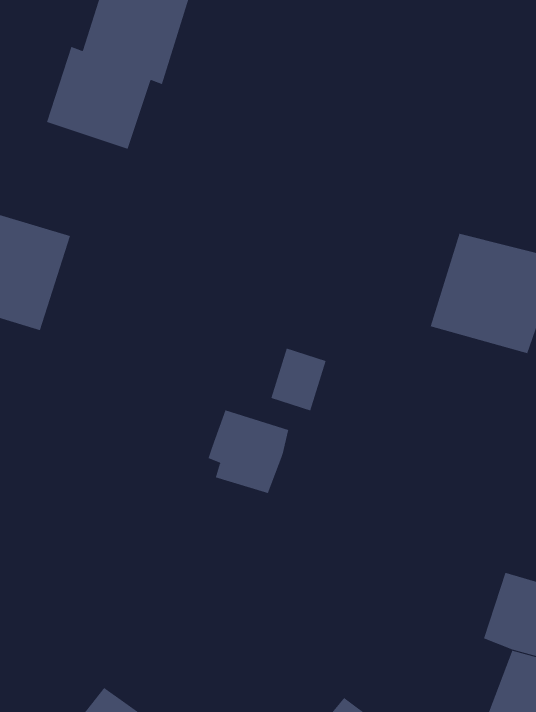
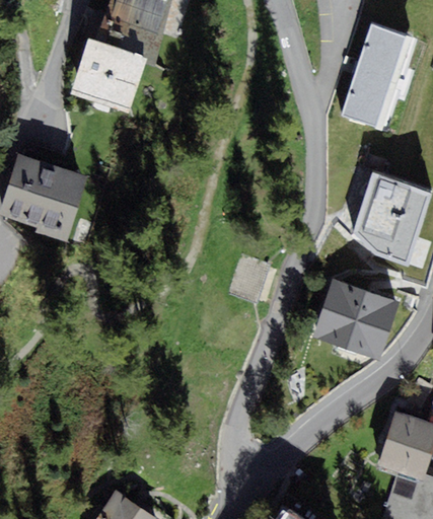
building: none -> [345,26,415,130]
building: none -> [317,277,392,343]
building: [208,410,289,494] -> none

